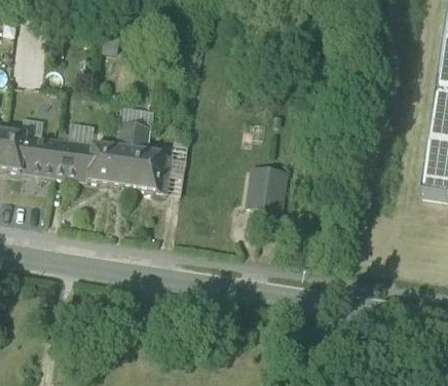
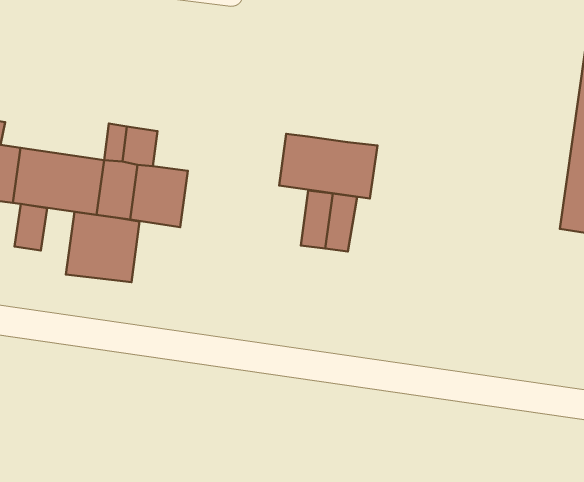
building: none -> [279,134,377,199]
building: none -> [14,204,47,251]
building: none -> [66,212,139,282]

